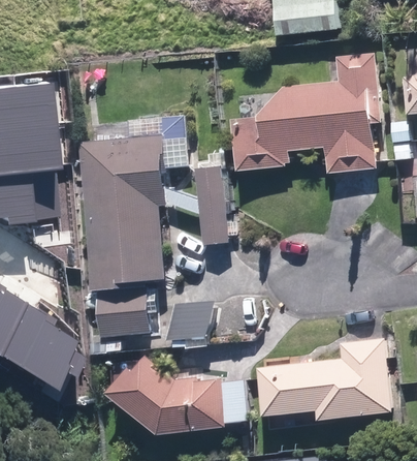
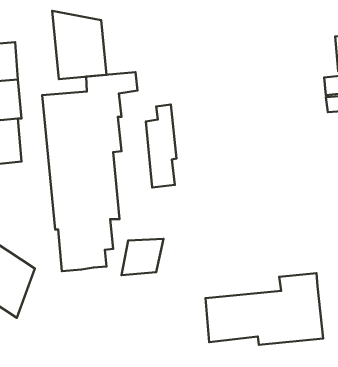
building: none -> [52,11,107,79]
building: [232,53,381,174] -> none
building: [108,358,248,435] -> none

